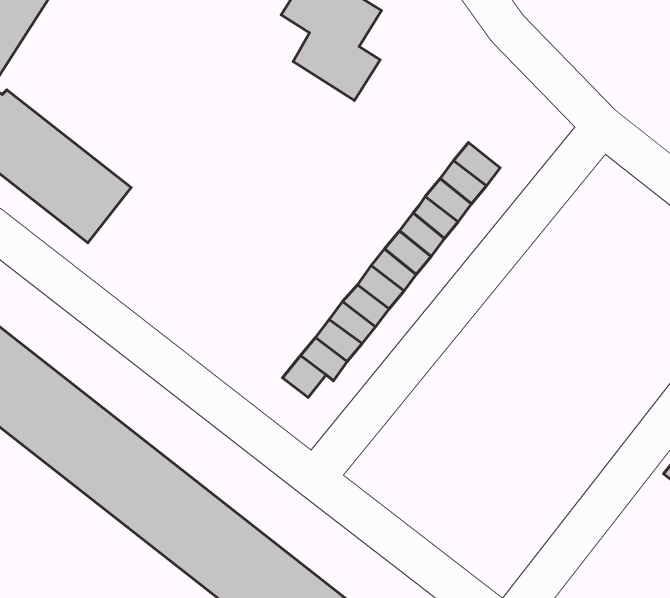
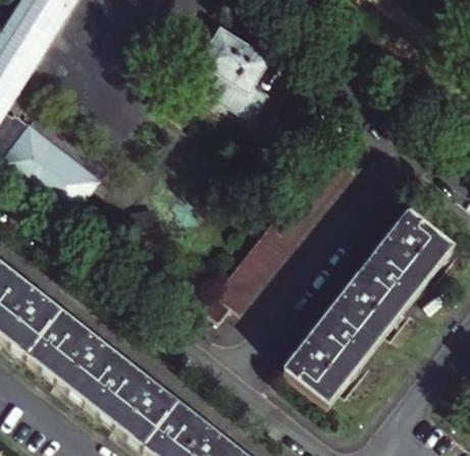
building: none -> [284,207,454,402]

